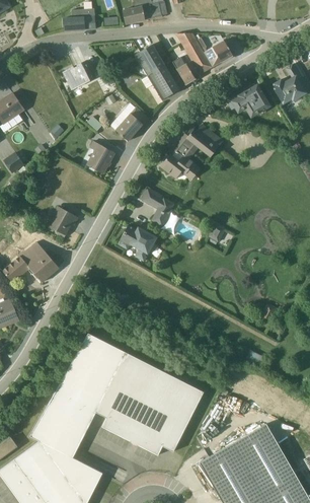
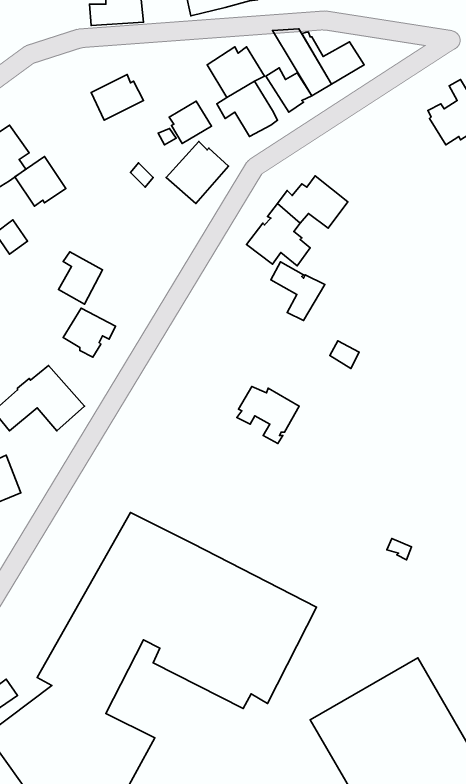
building: none -> [169,101,211,144]
building: [227,84,268,117] -> none
building: none -> [15,156,66,206]
building: [86,141,113,173] -> [58,252,102,304]
building: [141,189,174,225] -> [271,262,325,321]
building: [118,225,156,261] -> [237,386,299,444]

